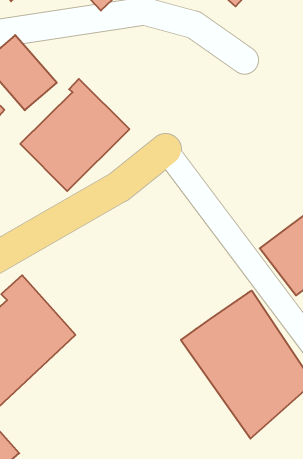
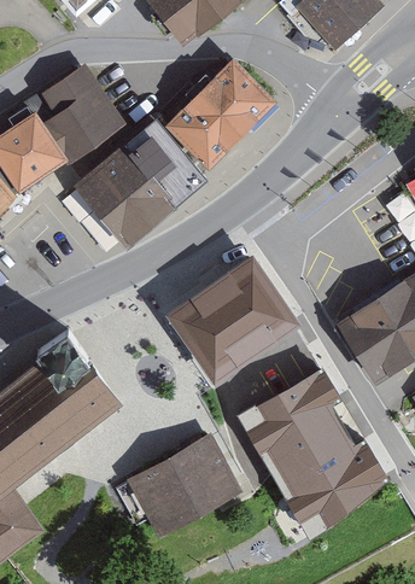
building: none -> [160,60,270,163]
building: none -> [170,261,297,382]
building: none -> [128,438,238,535]

